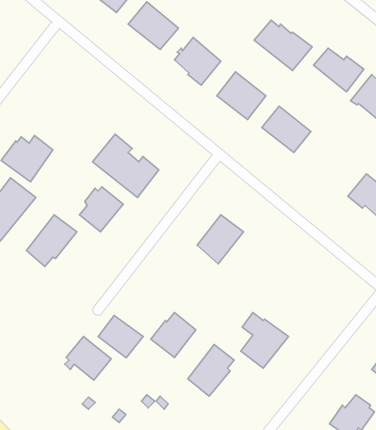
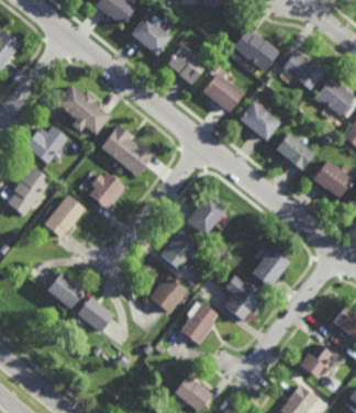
building: none -> [57,86,111,136]
building: none -> [277,134,318,171]
building: none -> [160,228,204,268]
building: none -> [252,246,290,287]
building: [98,315,143,358] -> [49,270,87,305]

